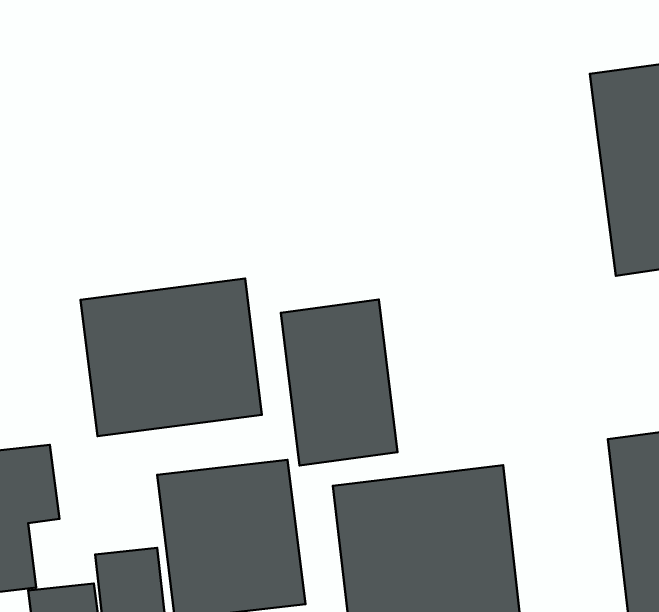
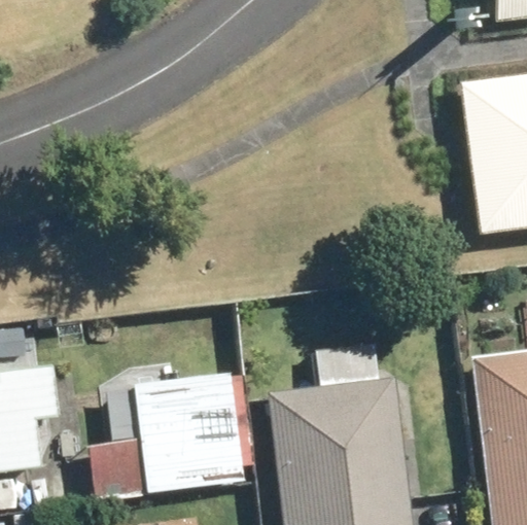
building: [81,279,262,436] -> none
building: [281,300,398,465] -> none

